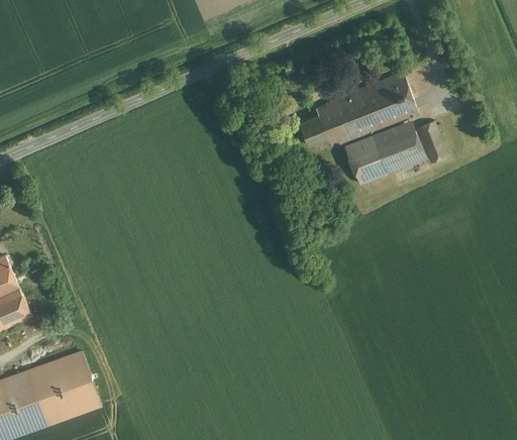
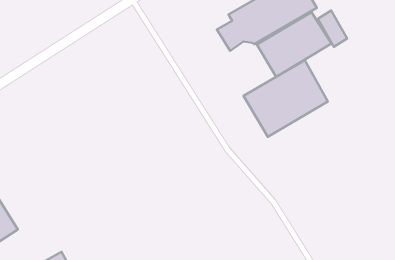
building: none -> [244,60,328,137]

